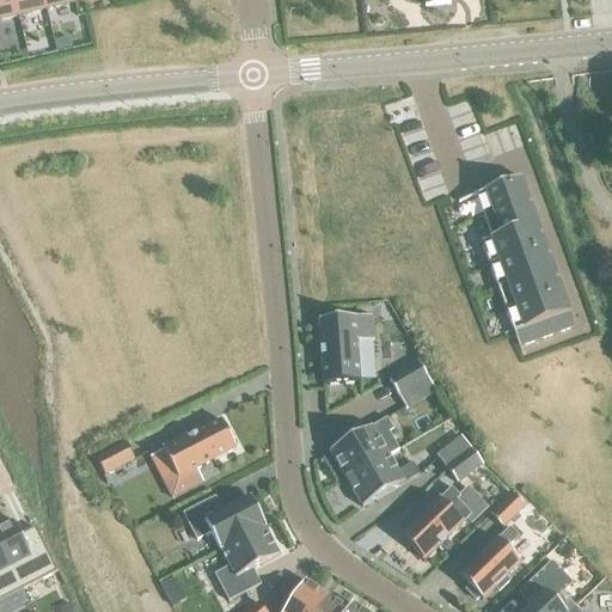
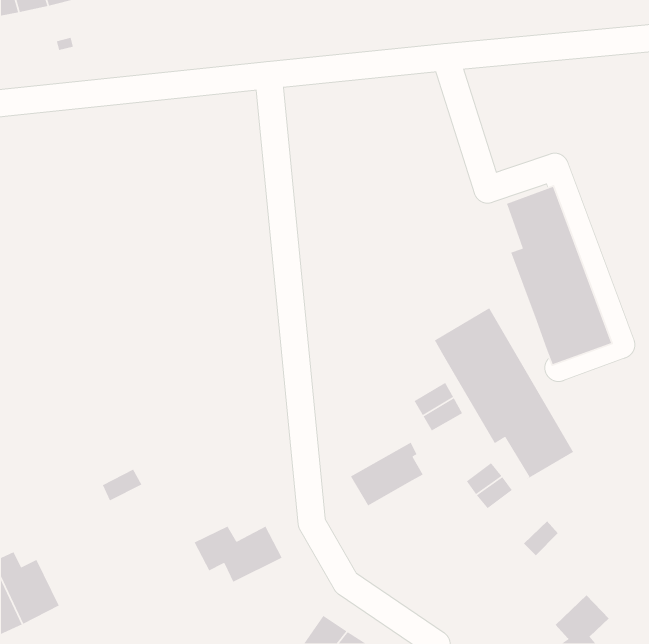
building: none -> [434,307,574,489]
building: [319,312,374,381] -> none
building: [163,417,237,495] -> none
building: [347,452,420,504] -> none
building: [402,483,472,557] -> none
building: [463,524,521,596] -> none
building: [215,525,280,598] -> none

